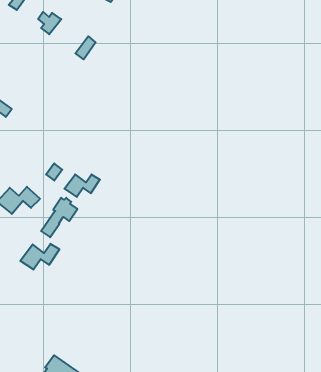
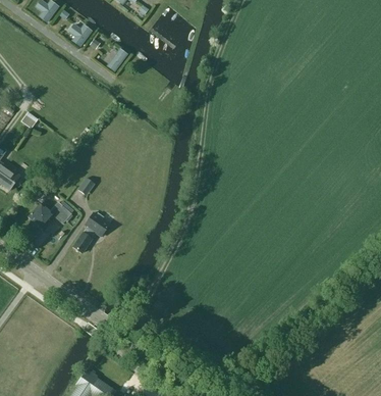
building: [64,174,100,197] -> none
building: [20,244,59,270] -> none

